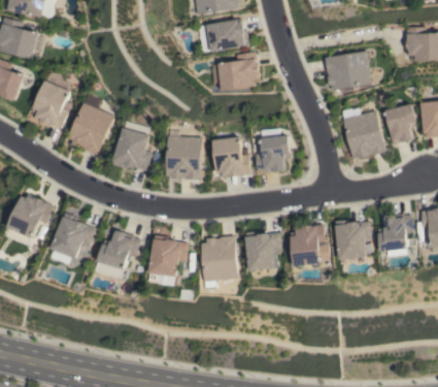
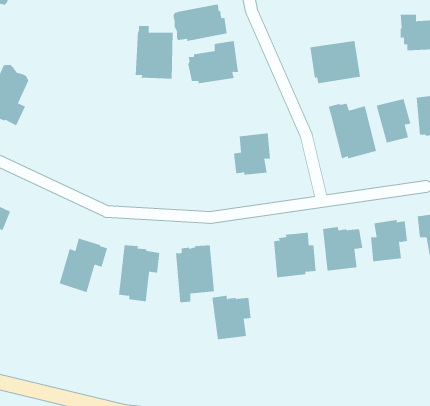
building: [67,94,112,156] -> none
building: [111,128,150,170] -> none
building: [165,131,200,180] -> [135,25,174,79]
building: [211,137,249,178] -> none
building: [52,213,96,259] -> none
building: [245,231,281,271] -> [212,295,251,340]

